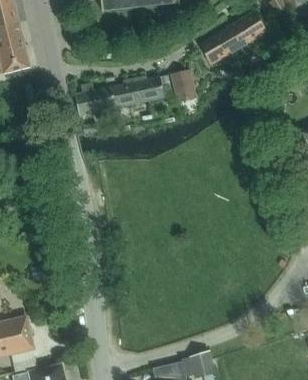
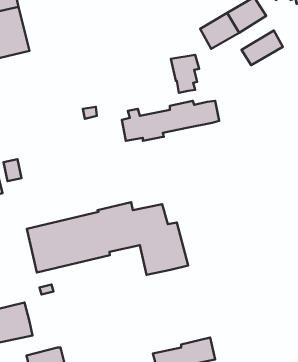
building: none -> [241,30,283,65]
building: [75,75,172,115] -> [122,101,219,141]
building: none -> [27,202,188,275]

